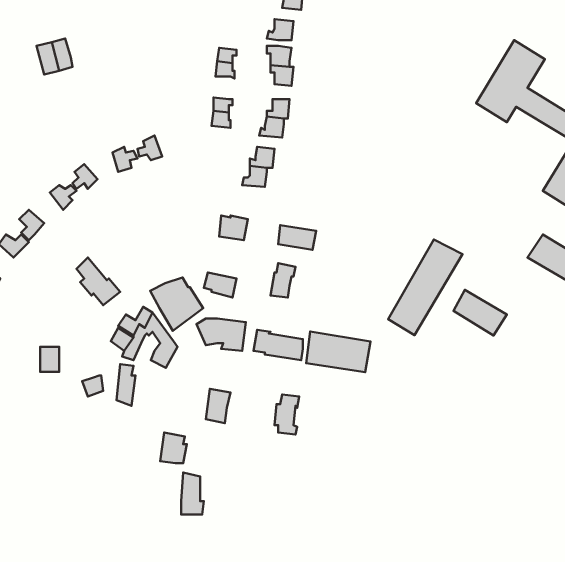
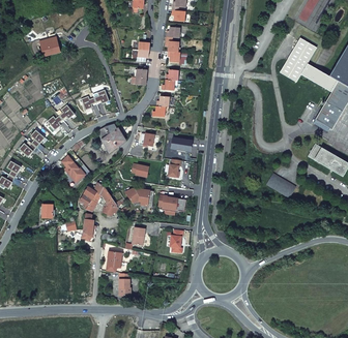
building: [388,240,462,335] -> none
building: [150,278,203,331] -> [96,124,125,153]
building: [306,332,370,372] -> none

